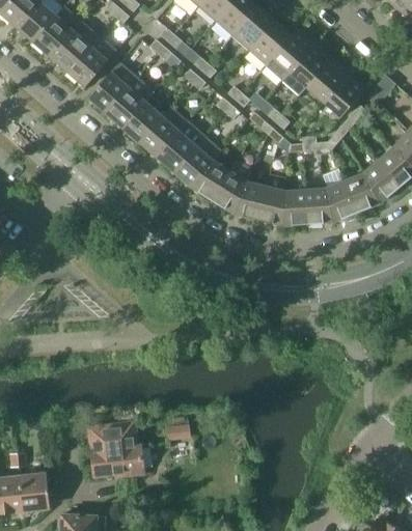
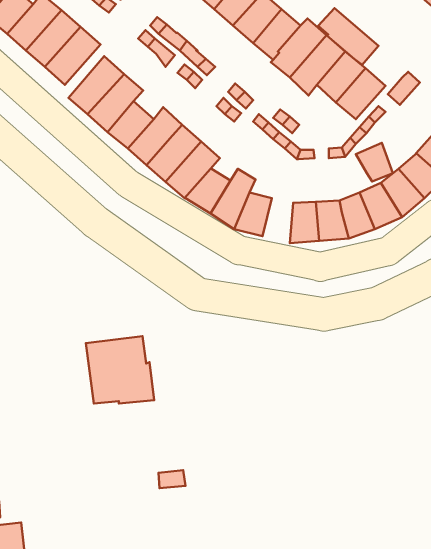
building: none -> [318,8,378,65]
building: none -> [356,143,393,181]
building: [257,187,284,226] -> none
building: [85,420,145,479] -> [86,336,154,404]

